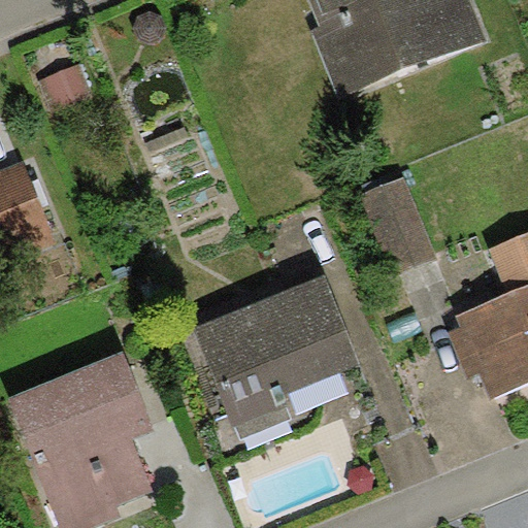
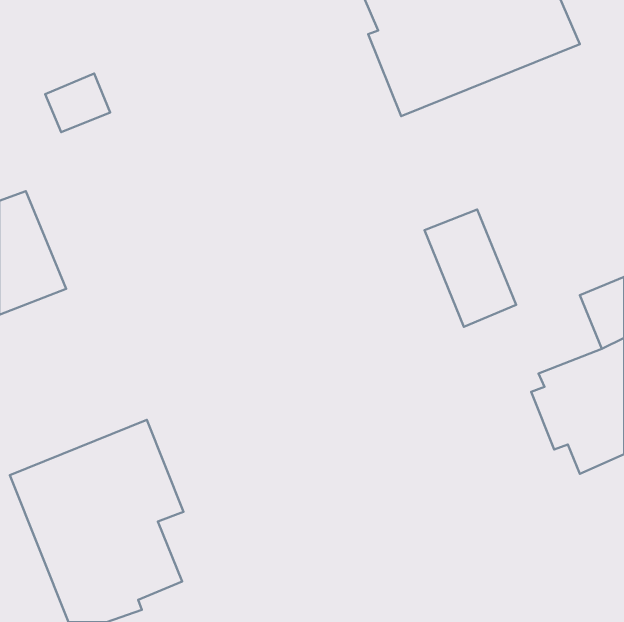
building: [194,276,359,426] -> none

